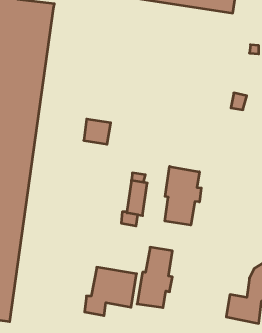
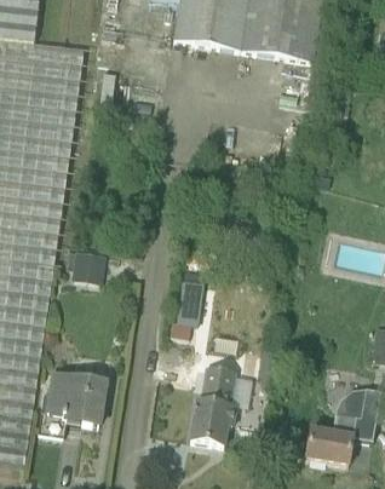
building: [84,119,111,144] -> [70,251,105,283]
building: [165,166,201,225] -> none
building: [85,267,137,316] -> [38,374,105,437]

